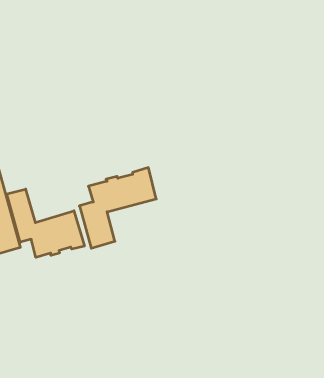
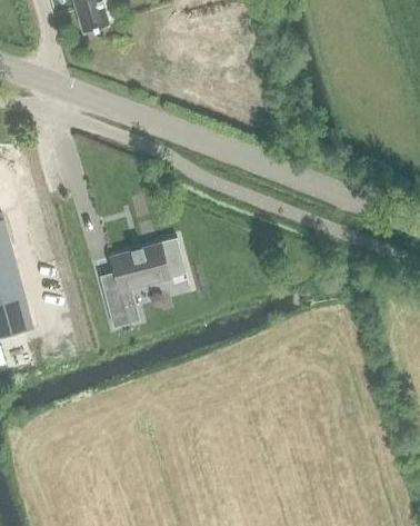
building: [7,189,84,257] -> none

